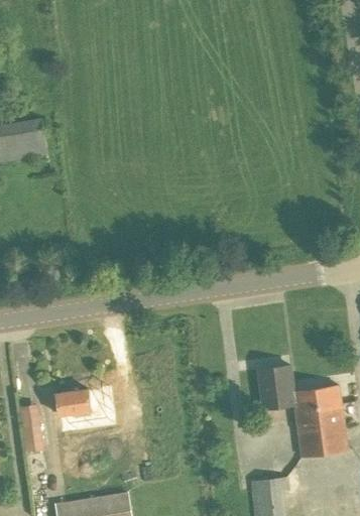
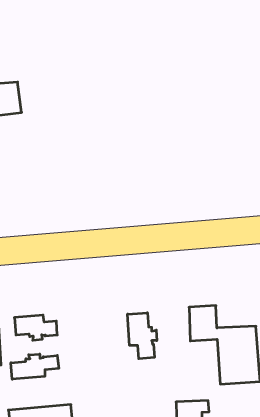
building: none -> [128,313,157,359]
building: none -> [11,354,59,379]

